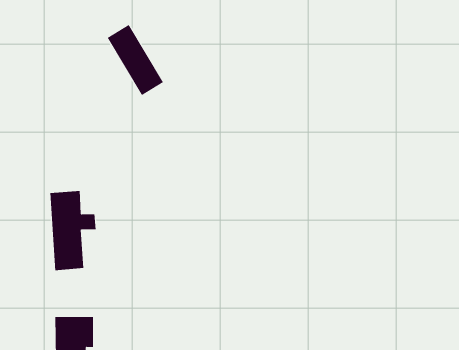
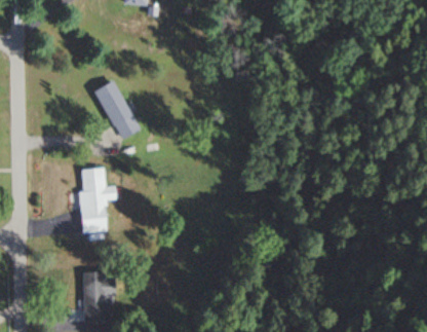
building: [107,24,164,96] -> [93,80,141,140]

